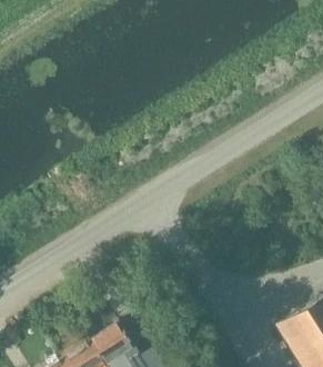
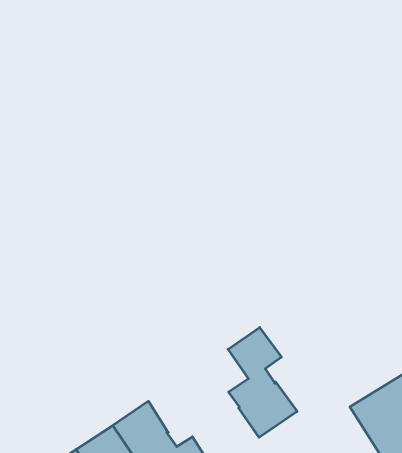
building: none -> [228,327,297,437]

